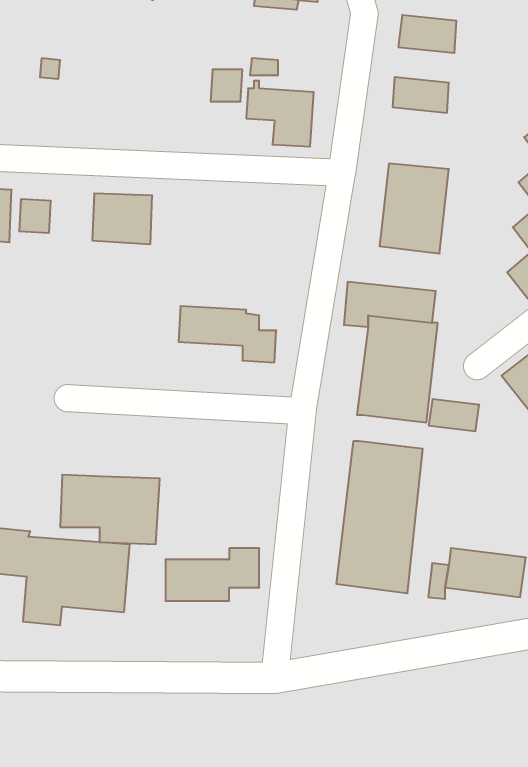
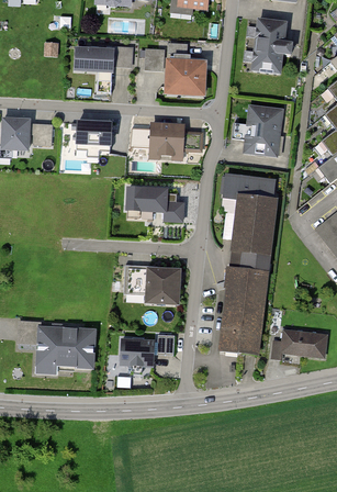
building: none -> [251,36,290,57]
building: none -> [74,47,131,94]
building: none -> [149,124,201,155]
building: [429,399,479,431] -> [231,251,260,270]
building: [60,475,160,544] -> [122,260,180,301]

